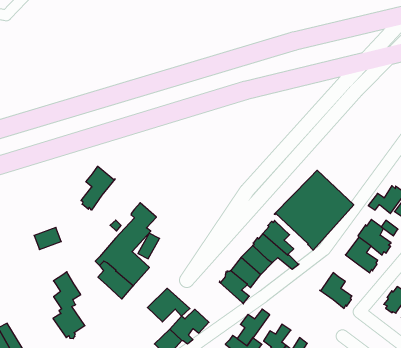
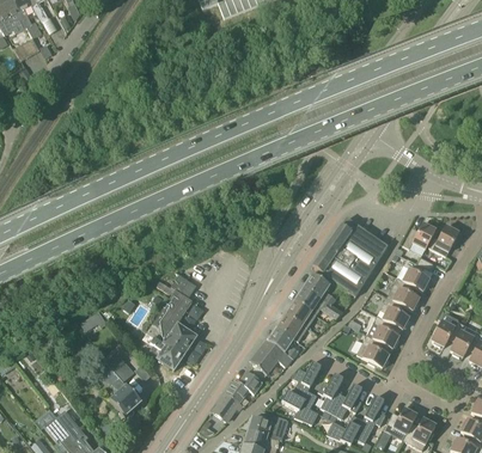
building: [81,166,115,210] -> none
building: none -> [380,296,410,330]
building: [147,288,190,322] -> [251,341,293,374]
building: none -> [358,335,390,368]

